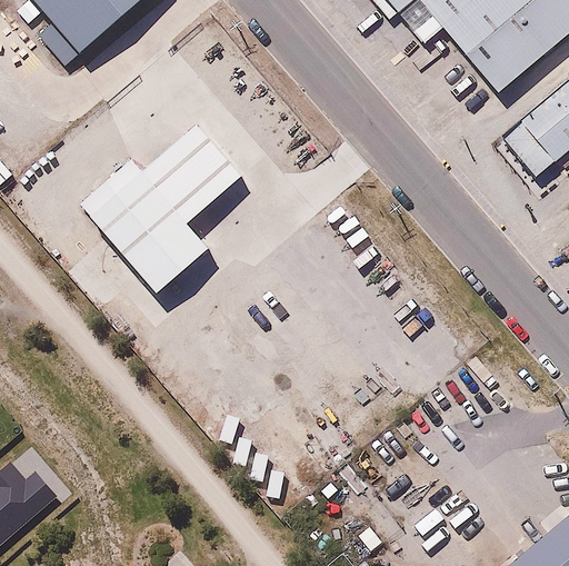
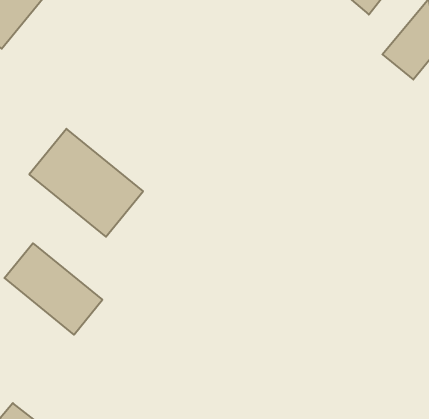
building: [147,127,242,221] -> none
building: none -> [4,243,102,335]

